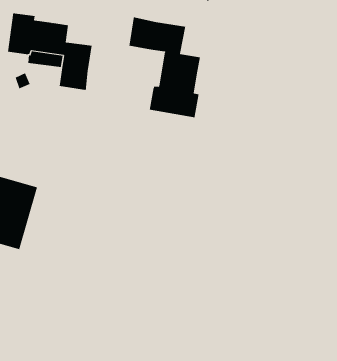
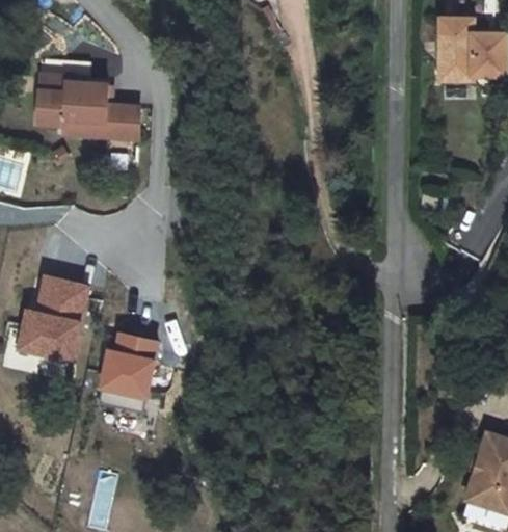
building: [129,17,200,118] -> none
building: none -> [101,328,162,399]

